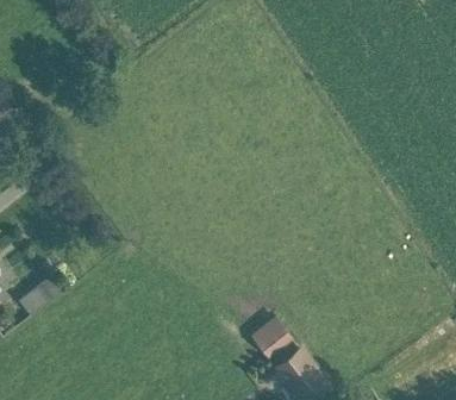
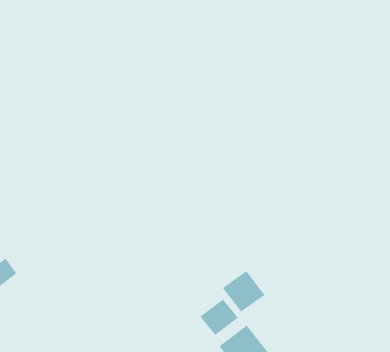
building: none -> [222,270,265,313]

